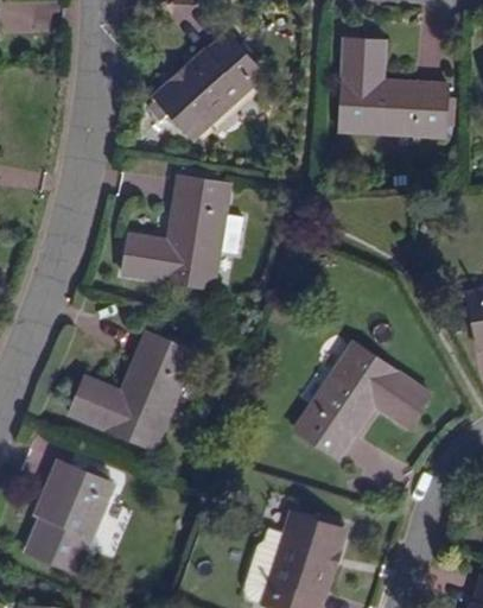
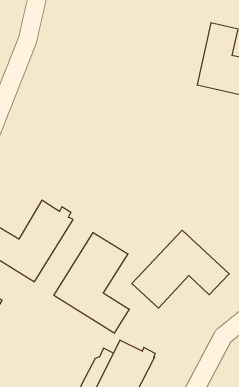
building: [148,33,263,139] -> none
building: [122,176,243,289] -> none
building: none -> [54,233,129,333]

